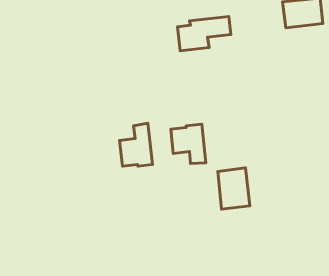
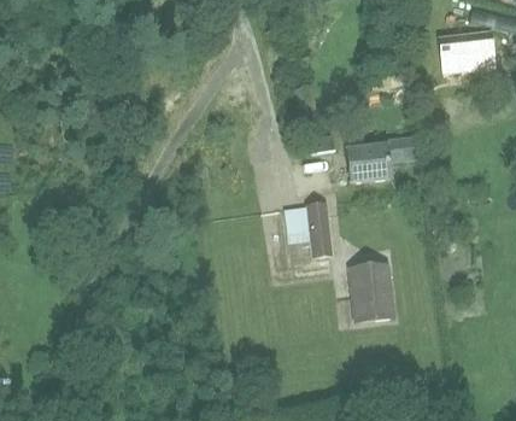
building: [177,17,231,51] -> [346,135,421,183]
building: [120,123,153,166] -> none

